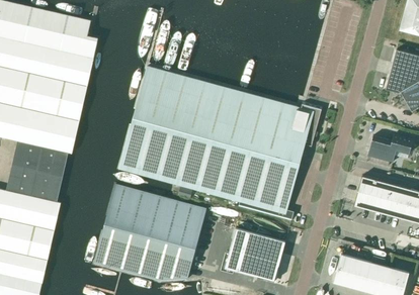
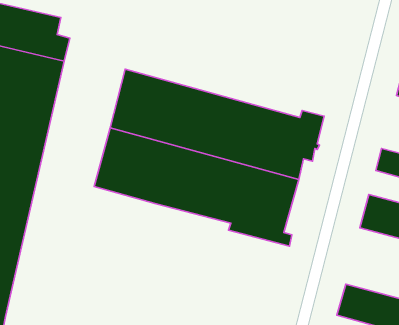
building: [95,184,206,280] -> none
building: [225,228,285,281] -> none

